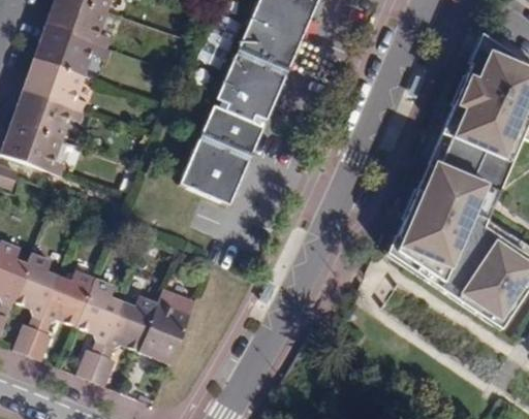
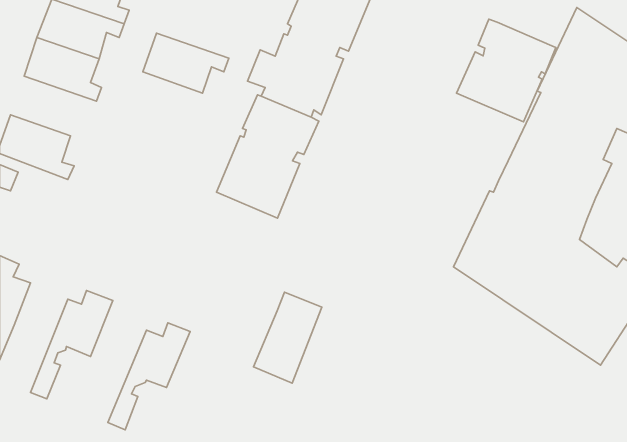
building: none -> [457,19,556,122]
building: [10,90,82,139] -> [143,33,229,93]
building: [12,251,58,352] -> none
building: [76,276,123,377] -> none
building: [139,286,196,361] -> [253,292,322,383]

